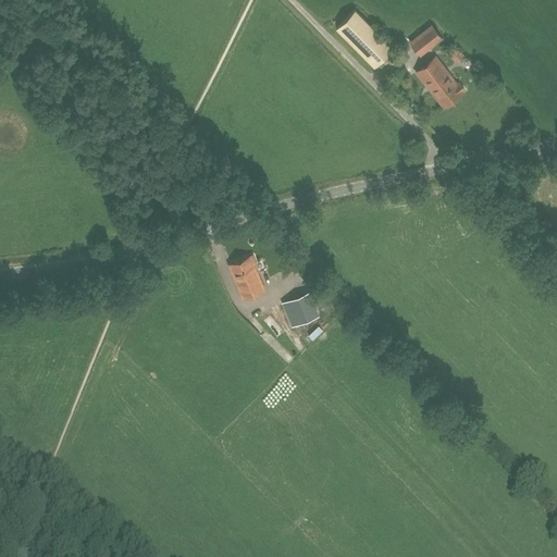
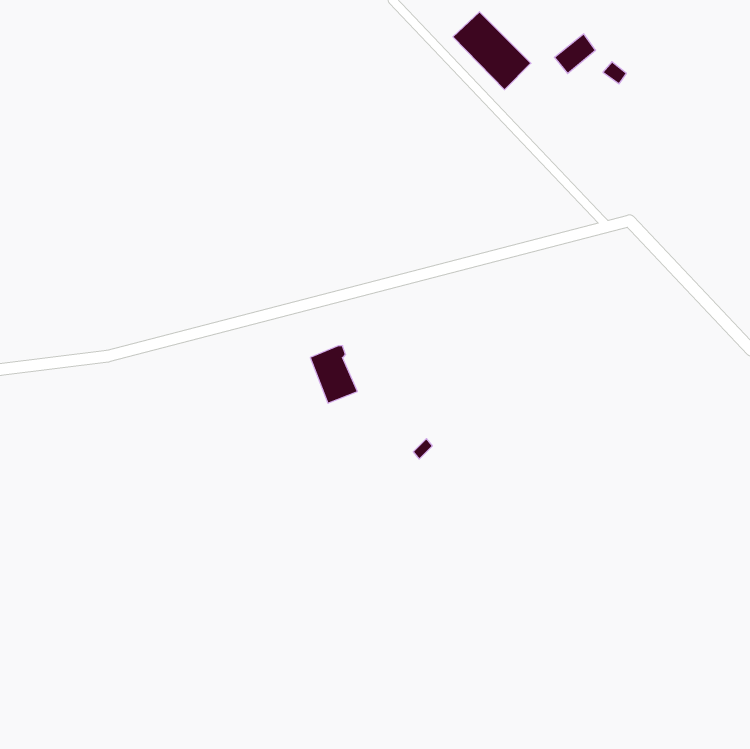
building: [418,59,465,108] -> none
building: [280,293,315,326] -> none

